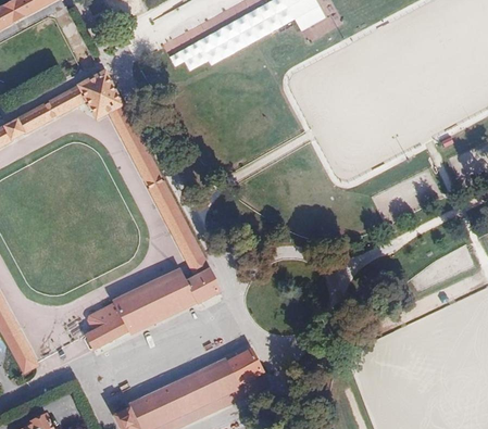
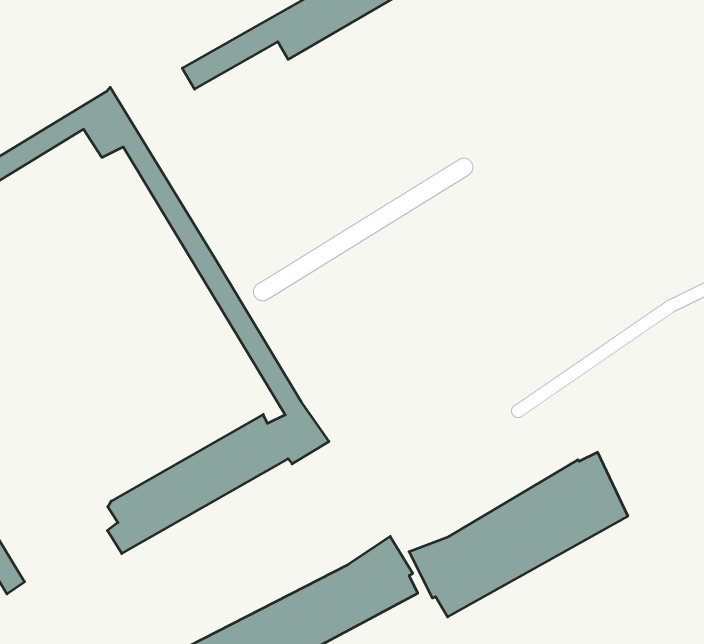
building: none -> [409,452,628,617]

